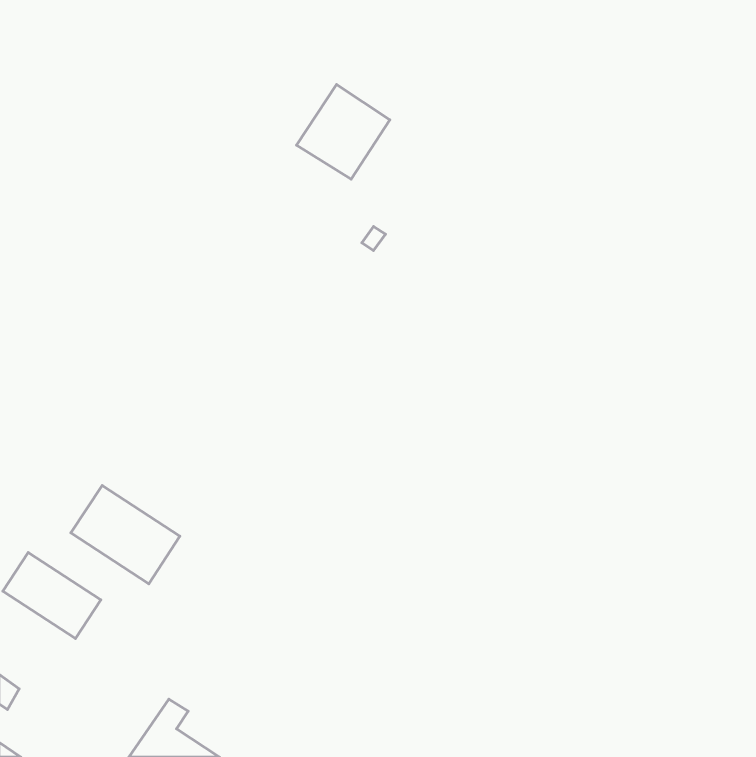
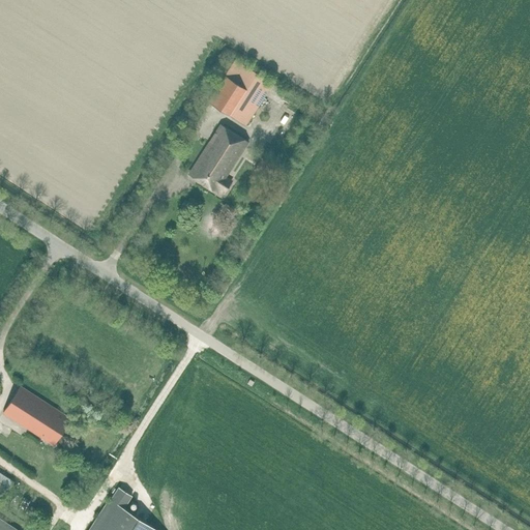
building: none -> [188,124,247,193]
building: [71,485,180,584] -> none

